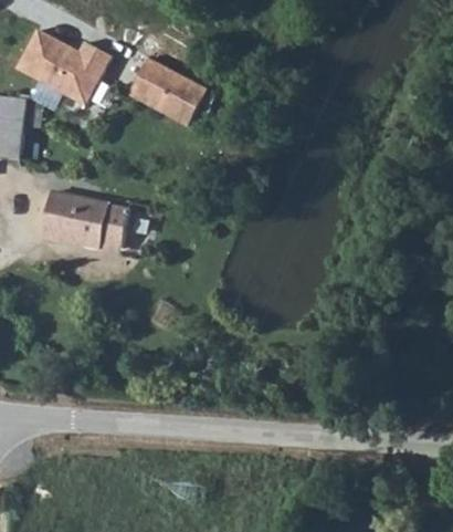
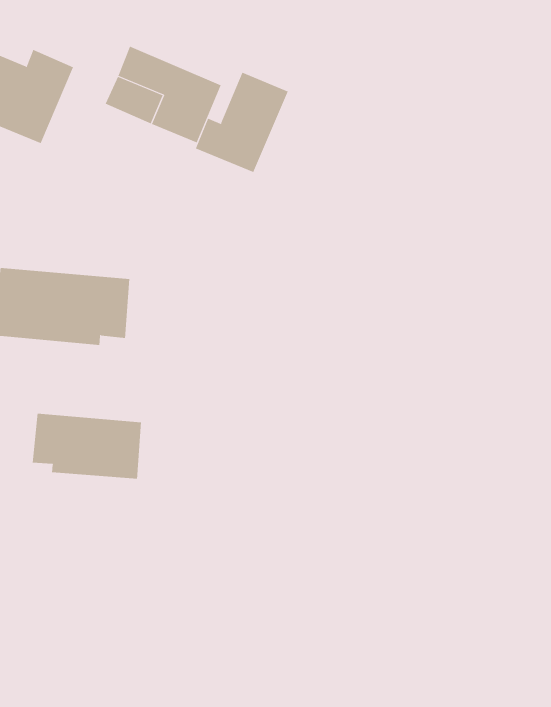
building: none -> [195,72,288,173]
building: none -> [32,413,142,480]

